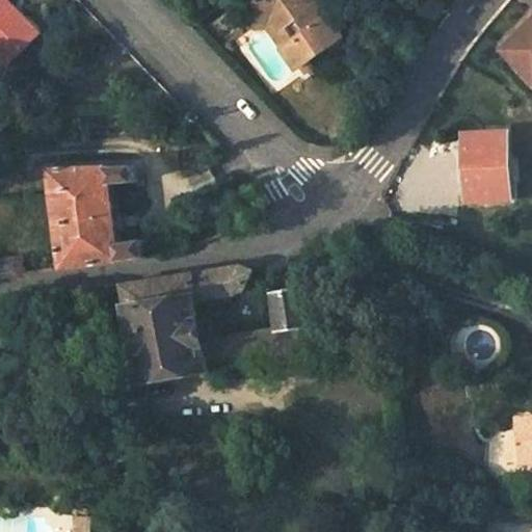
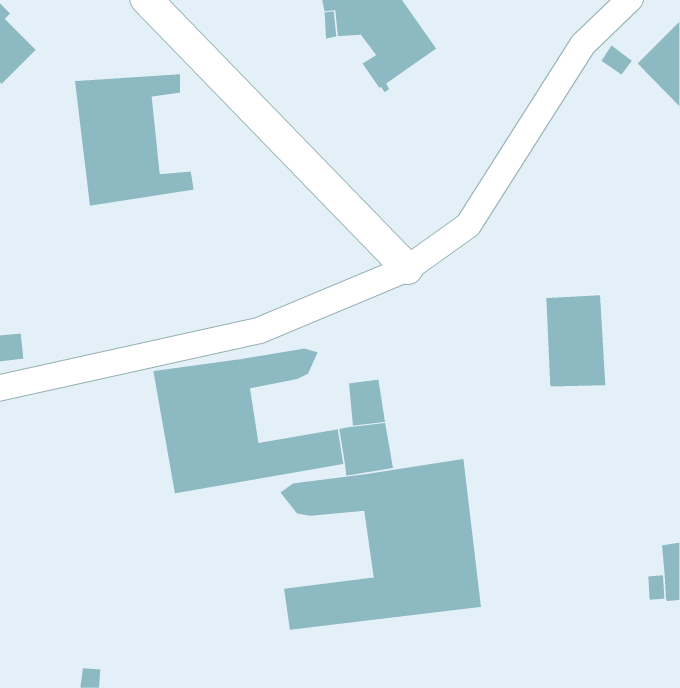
building: [458,130,505,201] -> [545,295,606,387]
building: [47,167,139,269] -> [74,74,194,206]
building: none -> [280,458,481,631]

